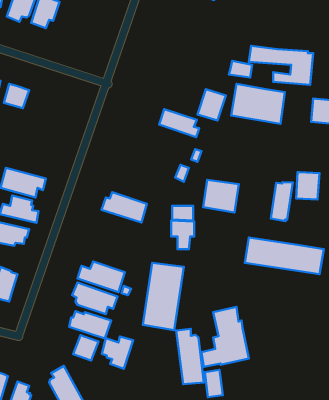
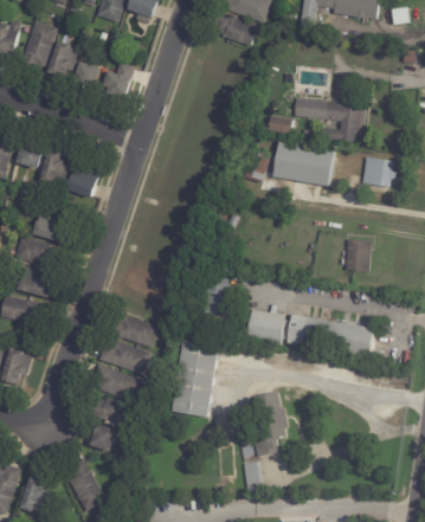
building: none -> [75,59,103,86]
building: none -> [102,60,131,96]
building: none -> [39,147,65,185]
building: none -> [65,163,97,195]
building: [159,109,199,137] -> none
building: none -> [31,211,70,243]
building: [203,180,239,212] -> [244,310,284,347]
building: [271,182,293,221] -> none
building: [102,192,147,223] -> [109,314,160,348]
building: [176,329,204,384] -> none
building: [102,337,133,369] -> none

